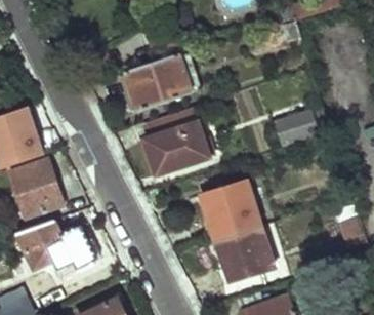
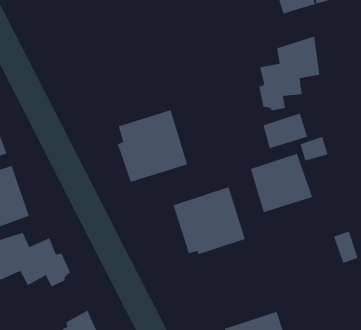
building: none -> [259,36,320,111]
building: [124,53,191,112] -> none
building: [216,227,275,282] -> [250,153,313,213]

